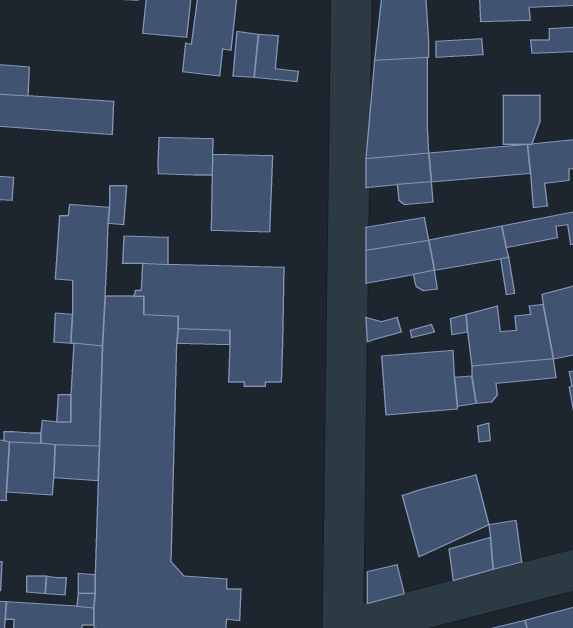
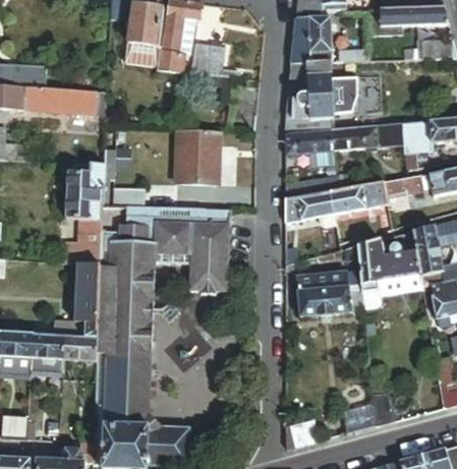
building: [503,95,540,144] -> [330,76,356,111]
building: [158,137,213,175] -> none
building: [402,475,489,557] -> none

